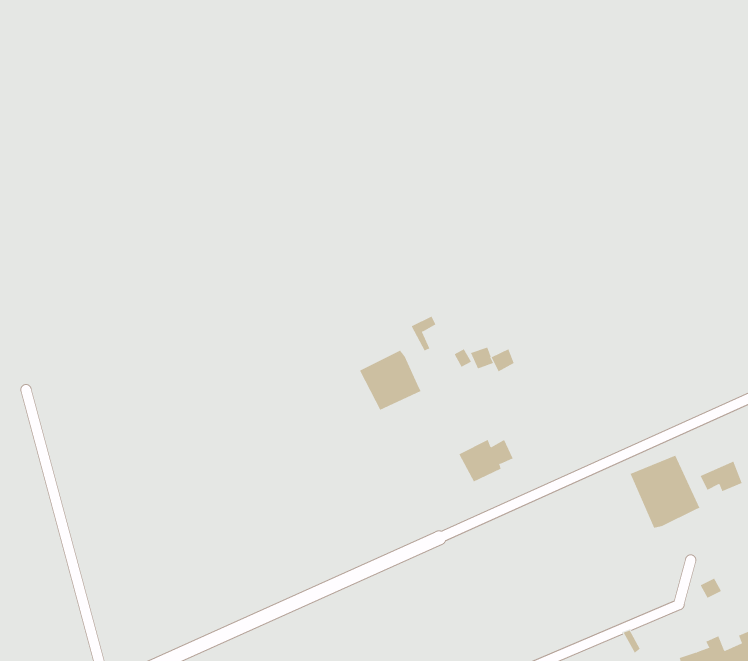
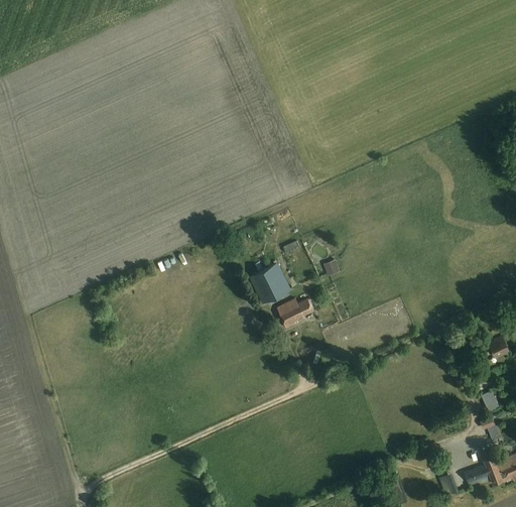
building: [459,439,513,482] -> [277,298,314,328]
building: [630,455,700,528] -> none

